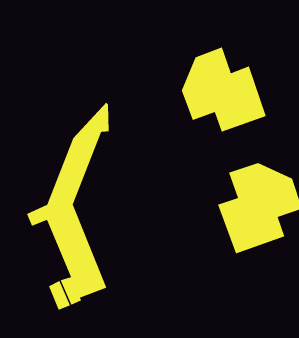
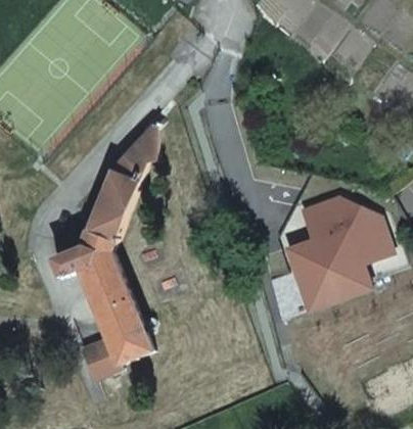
building: [181,47,266,132] -> none

